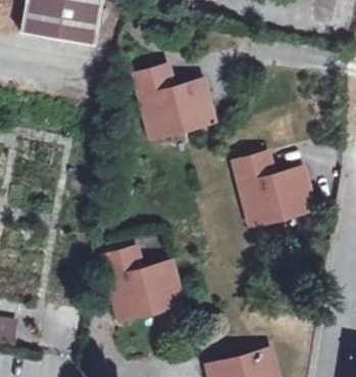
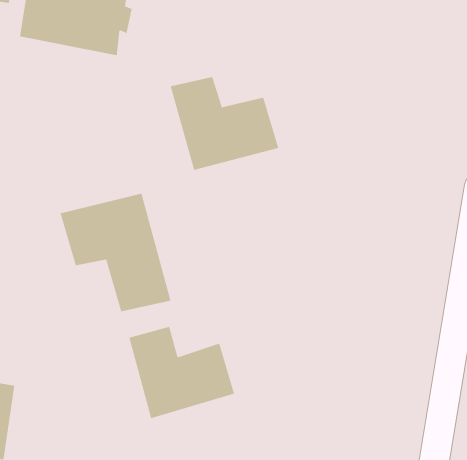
building: none -> [60,193,171,312]
building: [235,152,313,220] -> none

